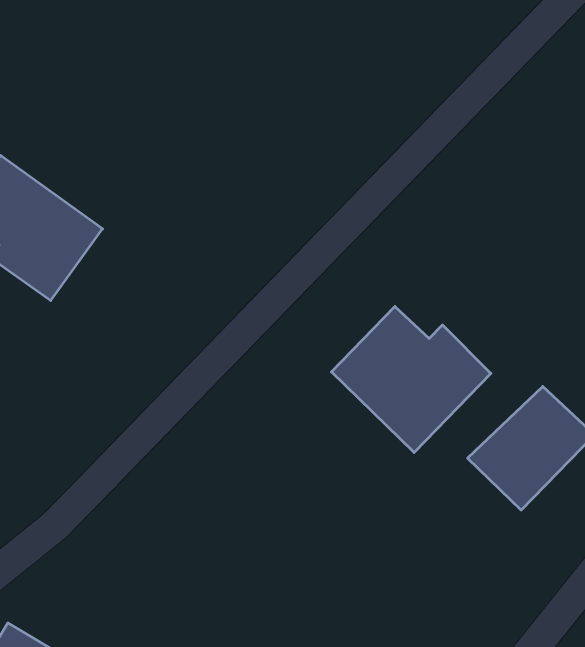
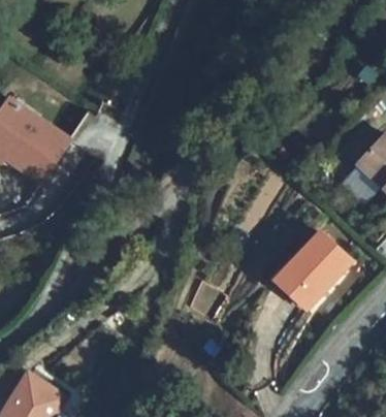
building: [331,306,491,453] -> none

